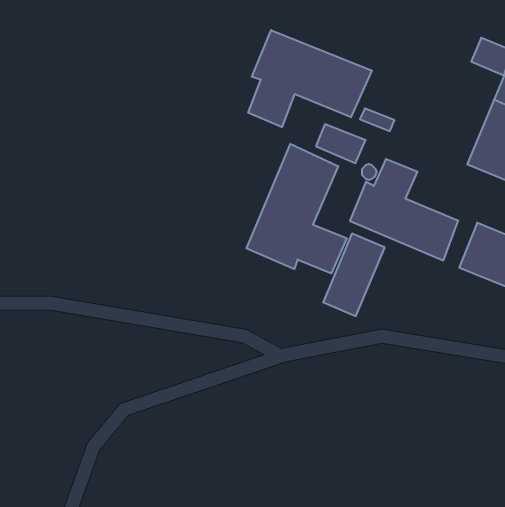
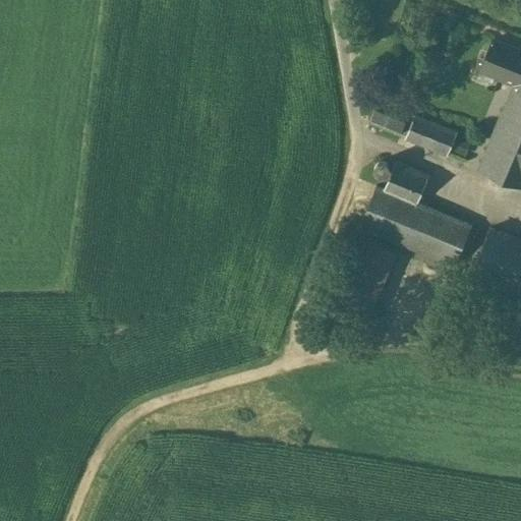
building: [248,30,372,127] -> none
building: [316,124,366,163] -> [408,116,459,156]
building: [246,144,347,273] -> none

